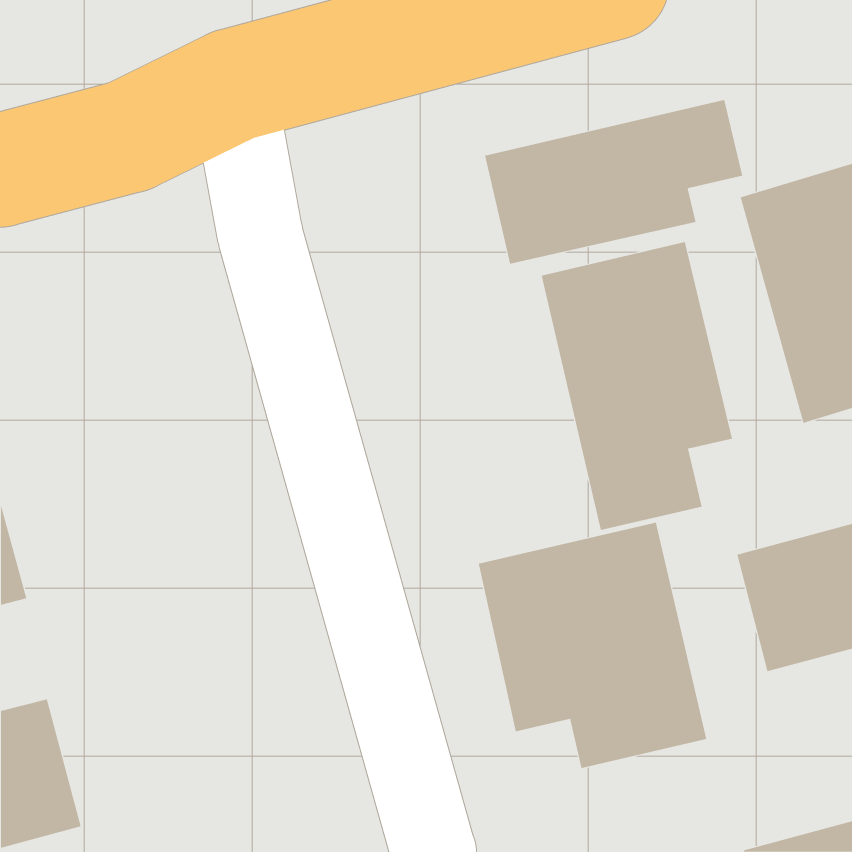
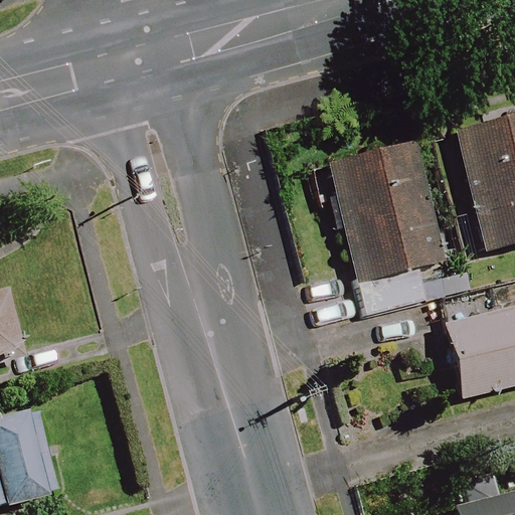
building: [484,99,743,265] -> none
building: [478,522,707,769] -> none

